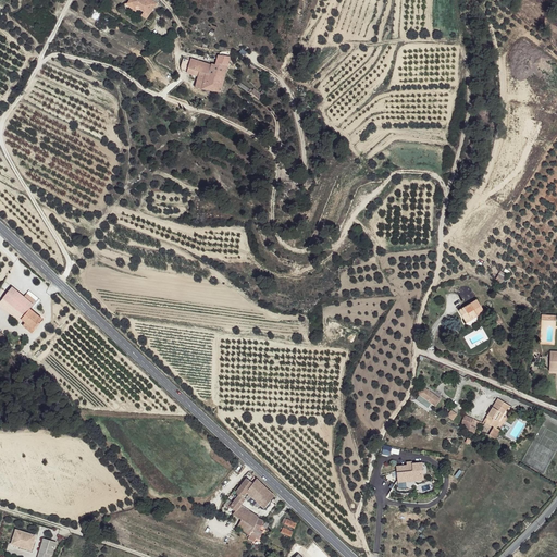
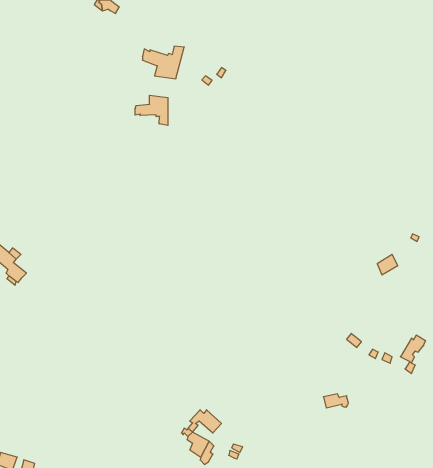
building: none -> [135,95,168,125]

